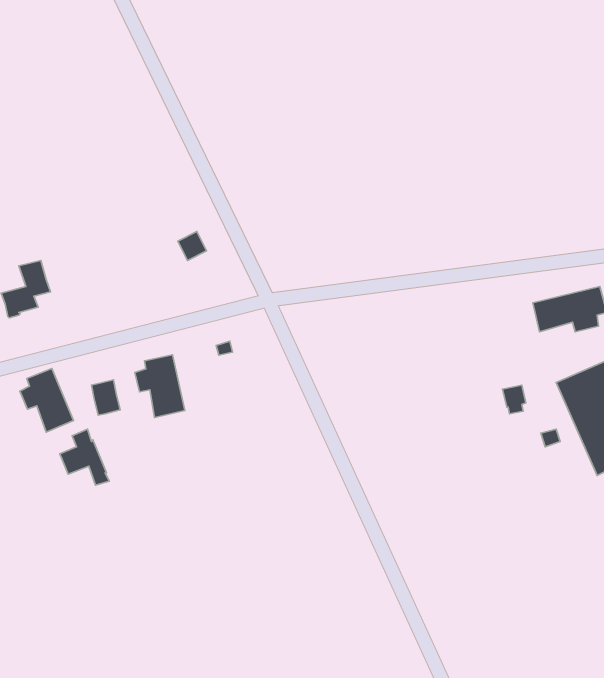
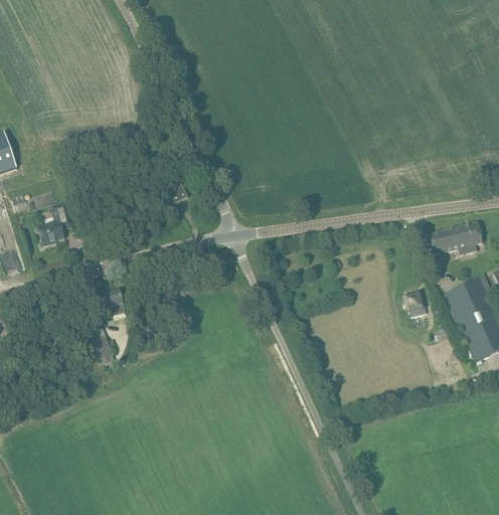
building: [135,355,185,418] -> none
building: [20,368,73,432] -> none

